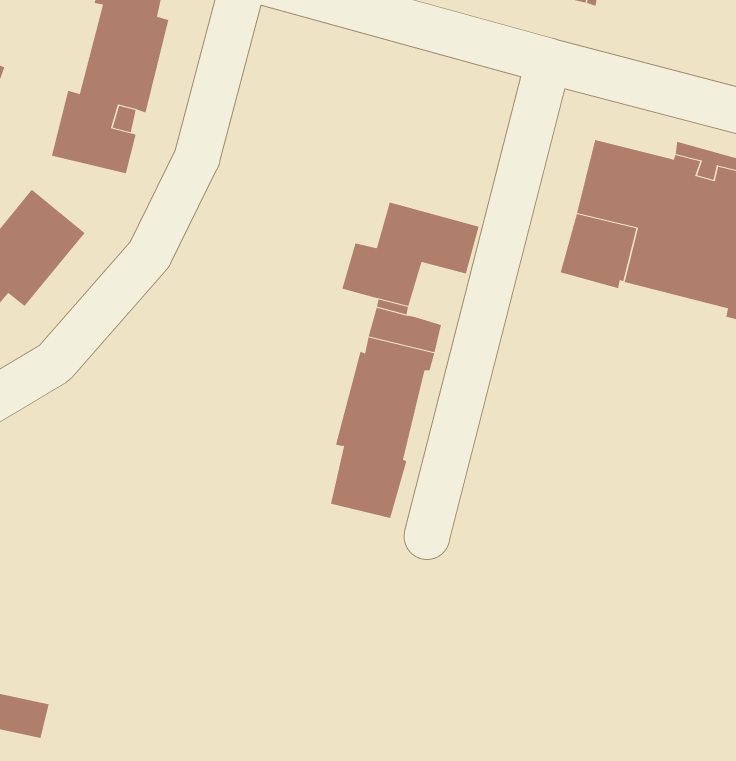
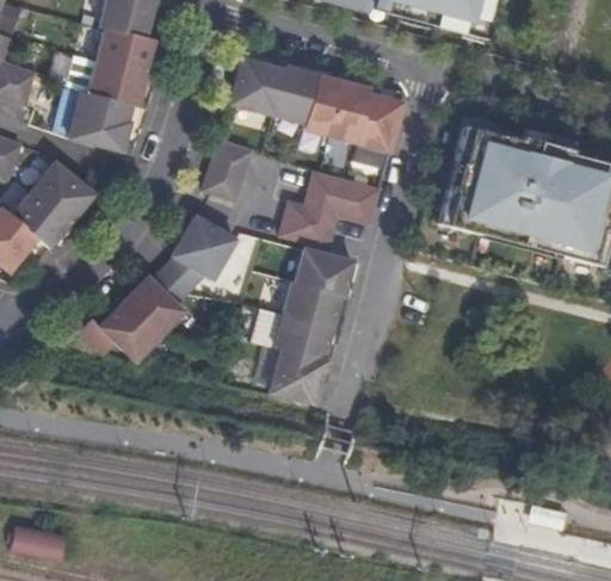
building: none -> [230,58,402,150]
building: none -> [203,138,252,199]
building: none -> [80,215,235,360]

